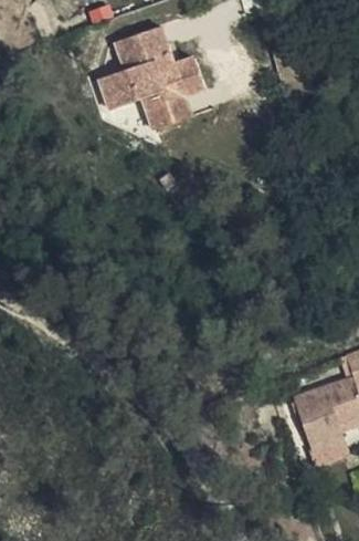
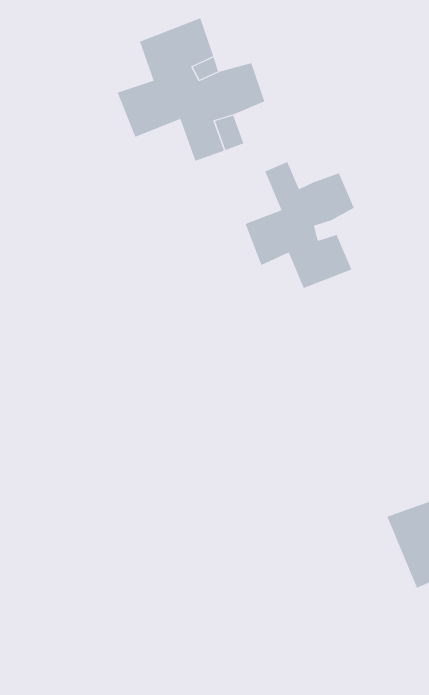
building: none -> [245,161,355,289]

